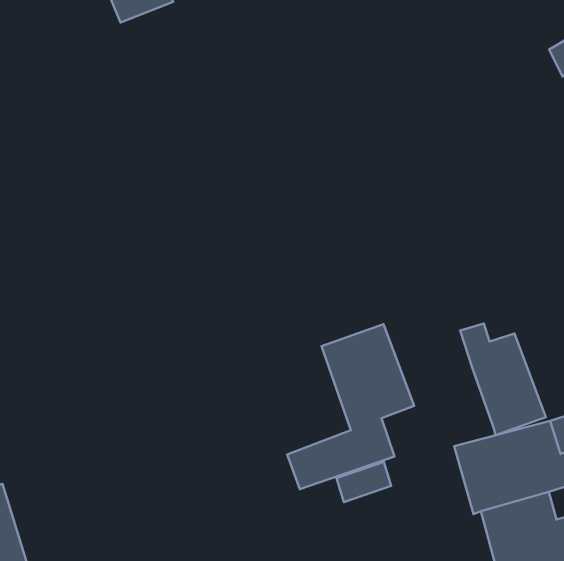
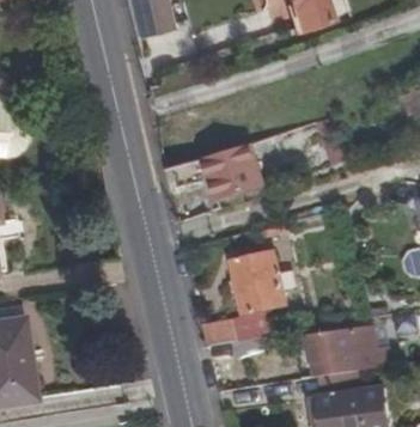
building: none -> [169,142,266,199]
building: [460,323,546,435] -> none

